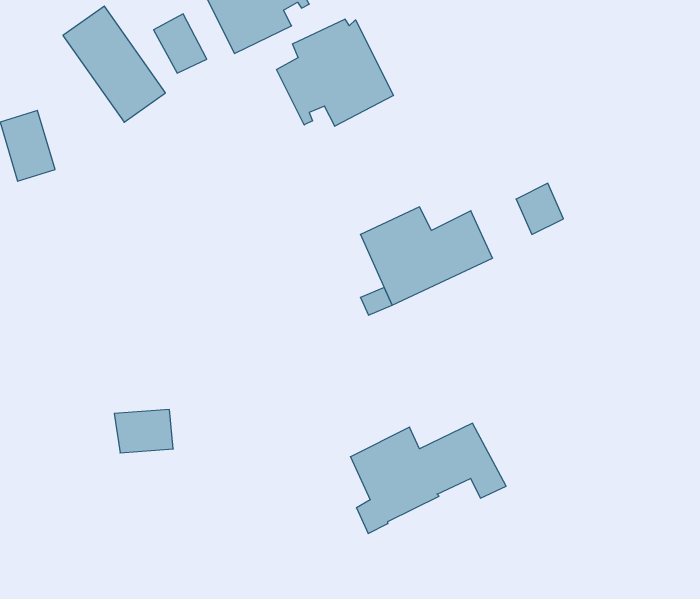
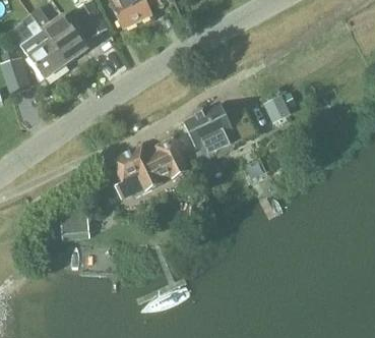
building: [277,19,393,126] -> none
building: none -> [19,13,65,79]
building: [350,423,506,533] -> [111,143,191,200]

